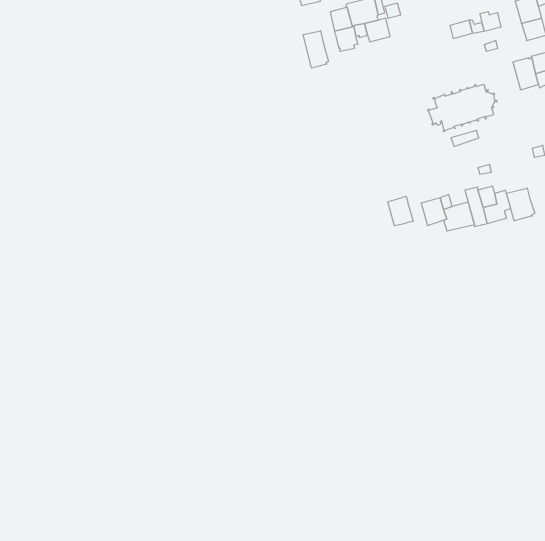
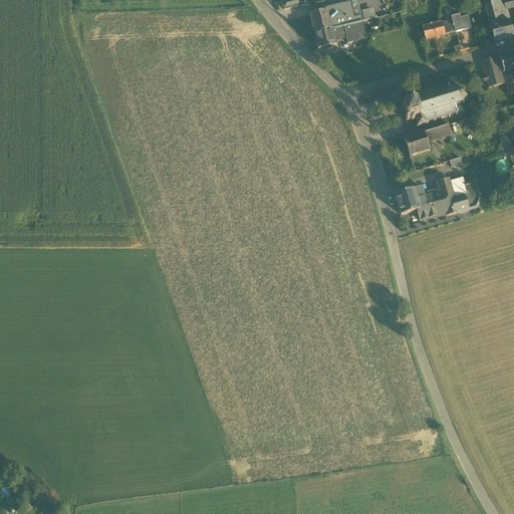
building: [303,31,329,68] -> none
building: none -> [405,130,431,154]
building: [507,188,535,221] -> none
building: [388,196,413,226] -> none

